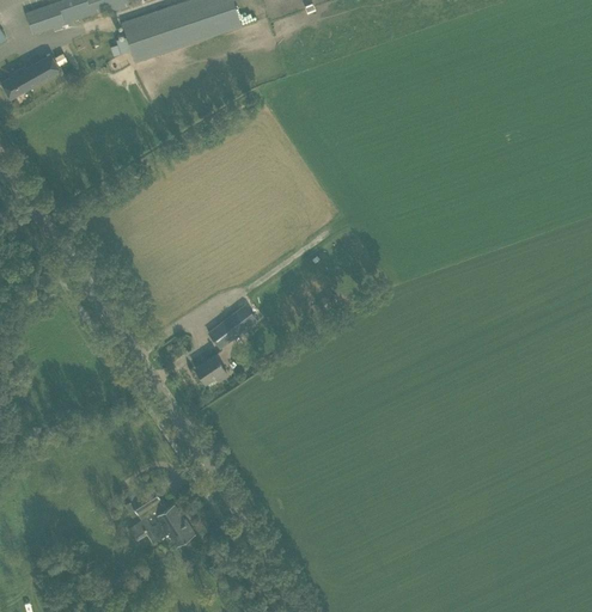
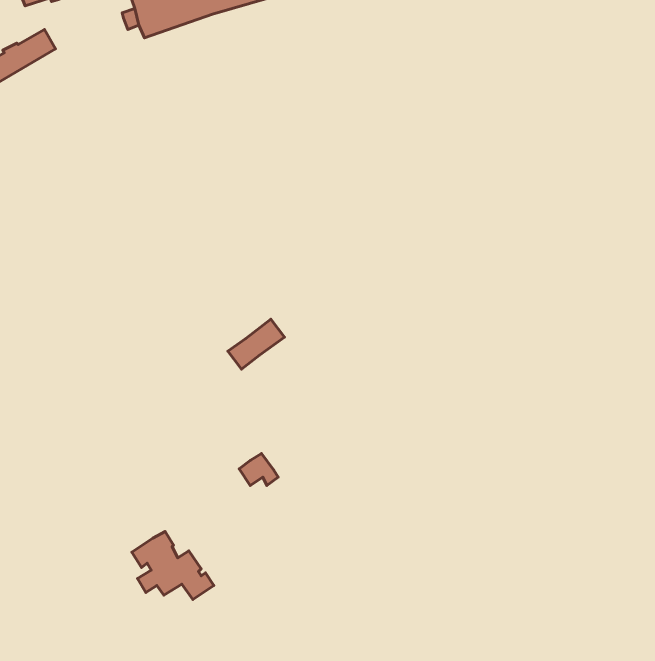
building: [196,355,230,382] -> [239,453,278,485]

